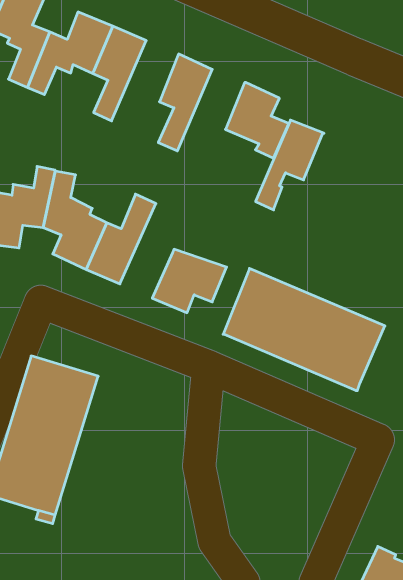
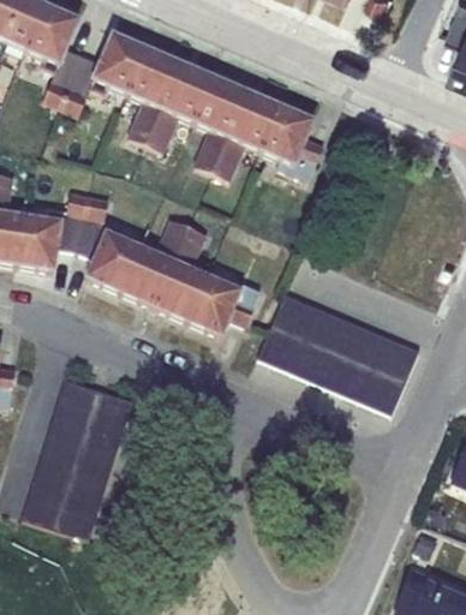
building: none -> [145,64,213,151]
building: [256,120,324,210] -> [211,92,280,183]
building: none -> [154,227,208,322]

